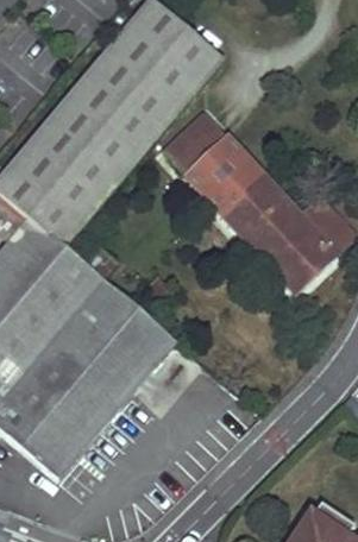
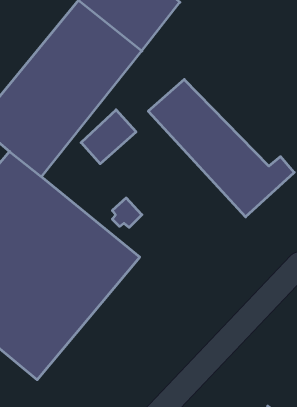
building: [163,113,225,174] -> [81,110,136,164]

